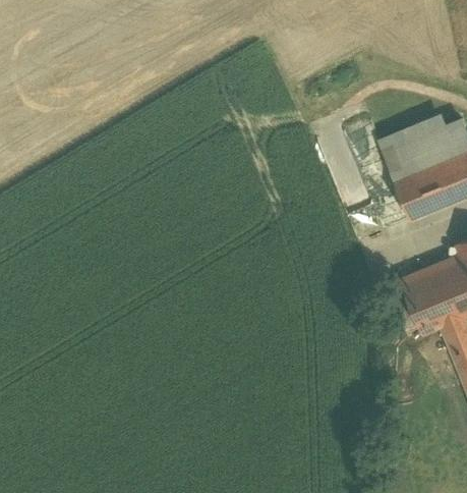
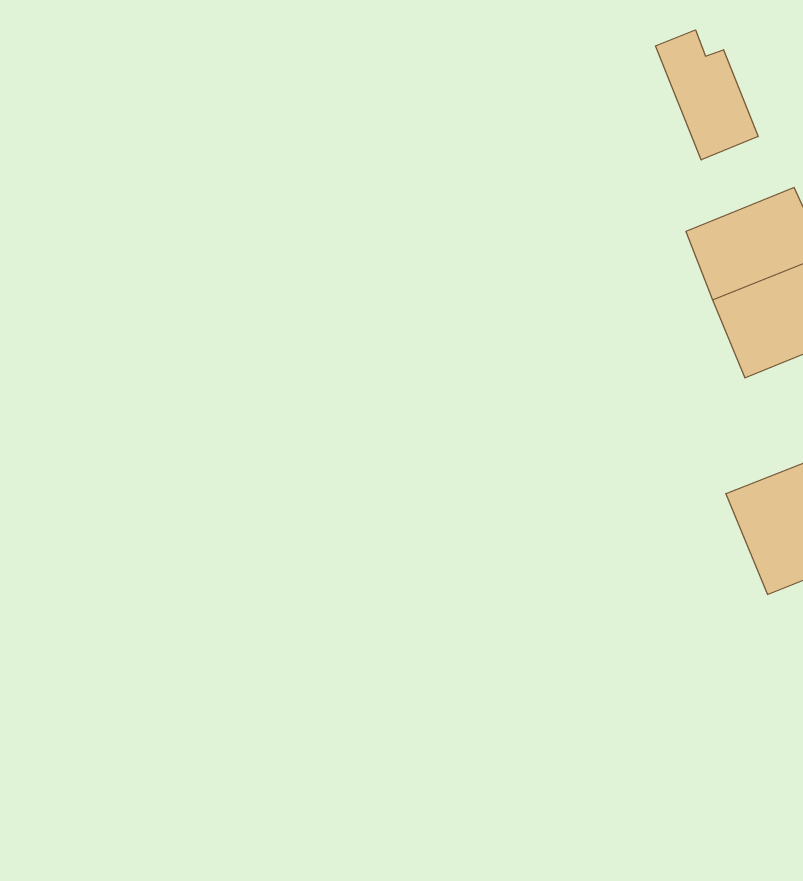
building: none -> [656,30,758,160]

